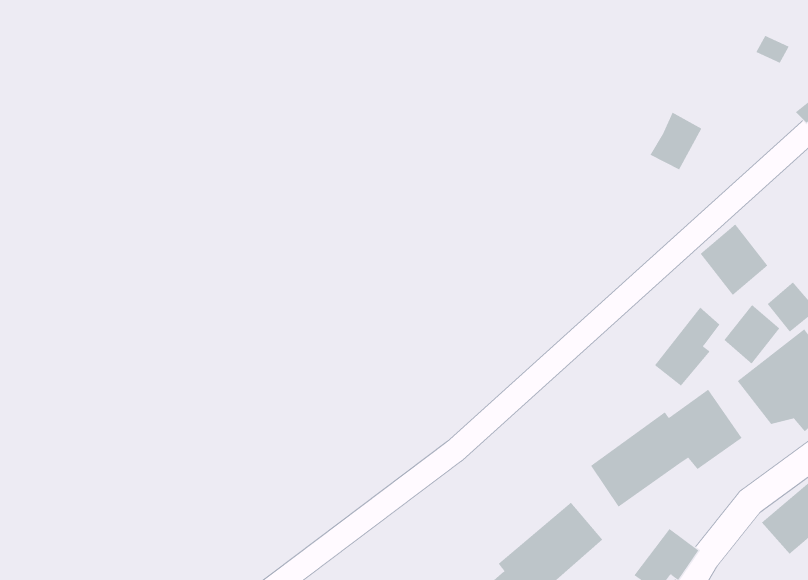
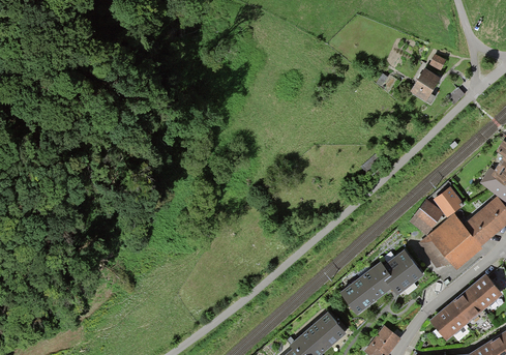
building: [650,112,702,170] -> [412,67,441,99]
building: [700,223,768,296] -> none
building: [654,307,720,387] -> none

